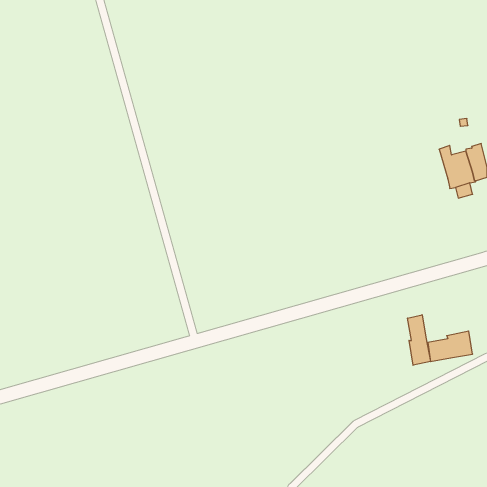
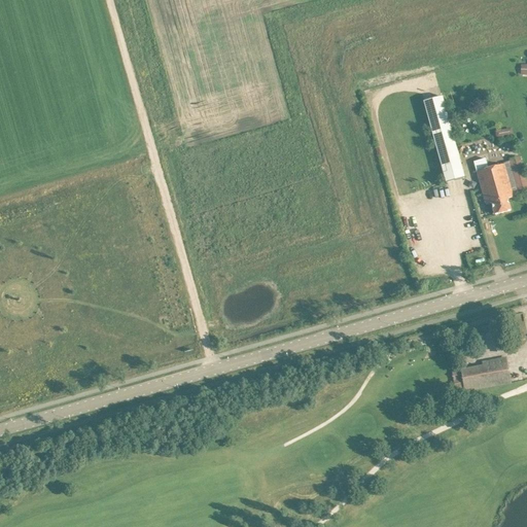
building: none -> [422,95,462,181]
building: [408,315,431,365] -> none

